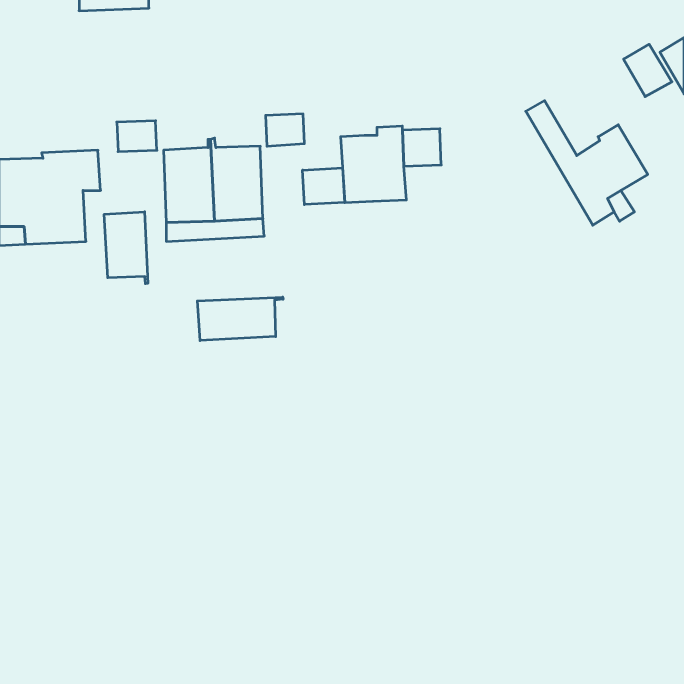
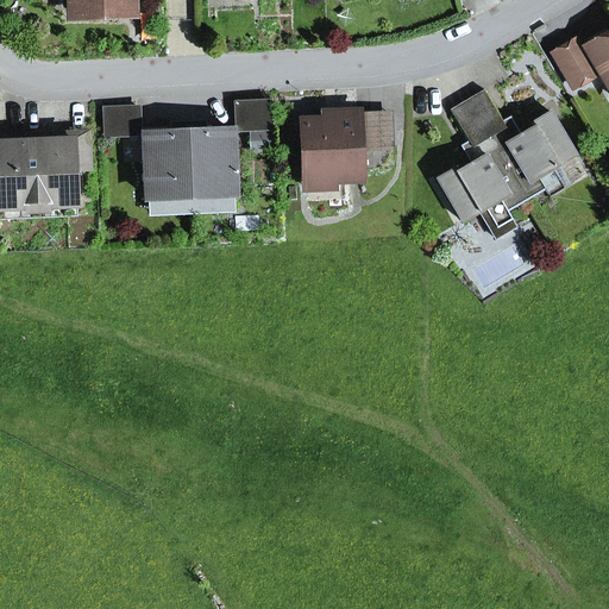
building: none -> [437,99,526,238]
building: [303,168,344,205] -> none
building: [104,212,148,284] -> none
building: [197,297,283,341] -> none

